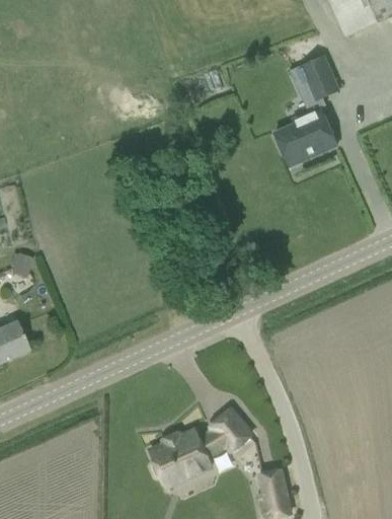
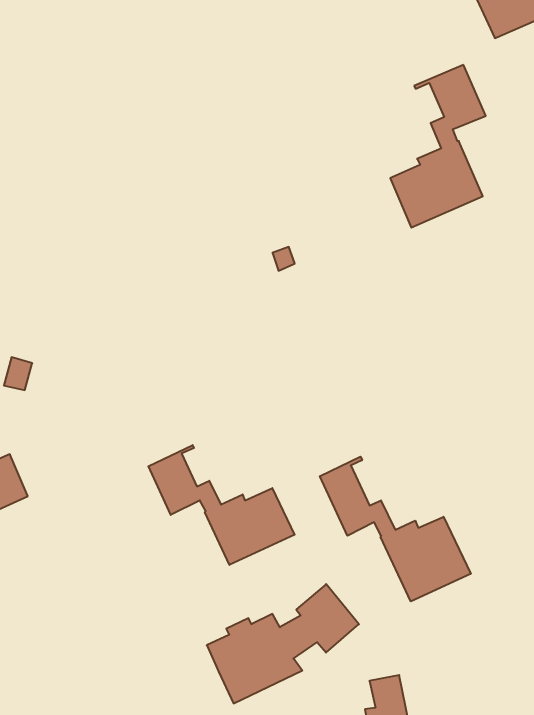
building: none -> [148,445,295,565]
building: none -> [320,457,471,601]

